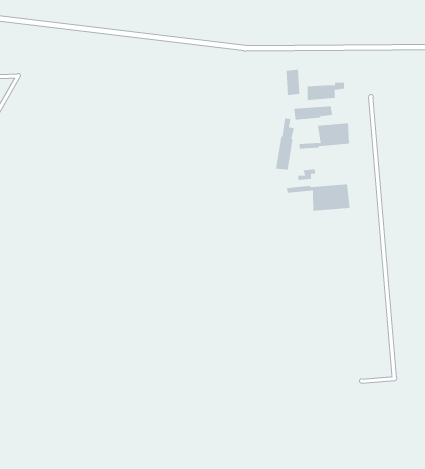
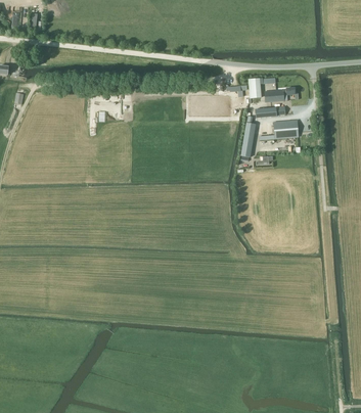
building: [287,184,350,212] -> none

